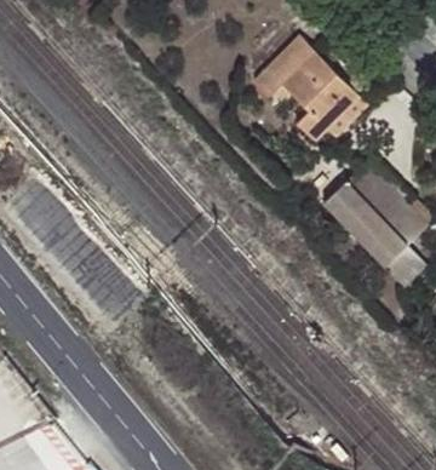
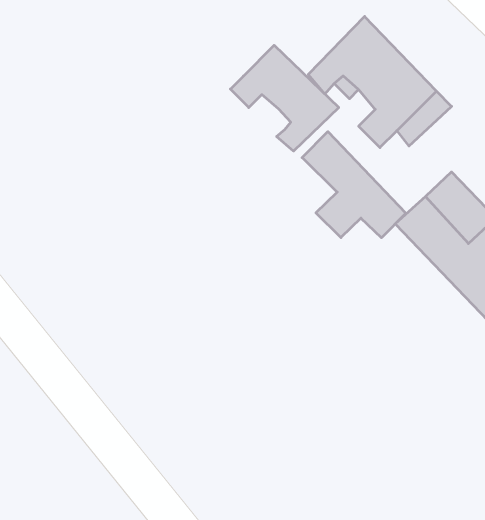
building: none -> [230,45,339,151]
building: none -> [302,132,406,238]

